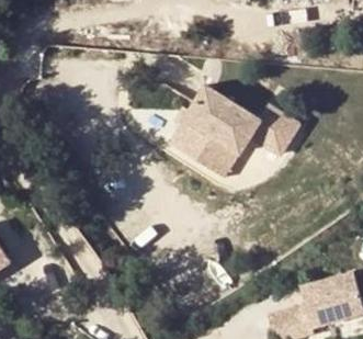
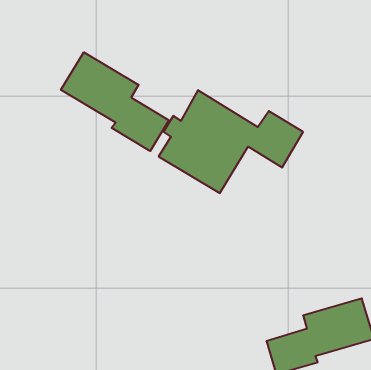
building: none -> [61,52,169,151]

